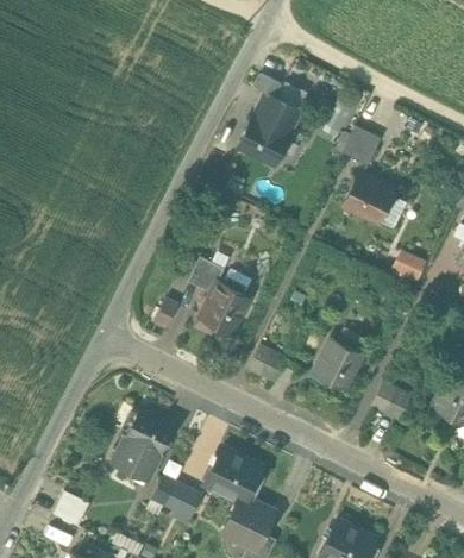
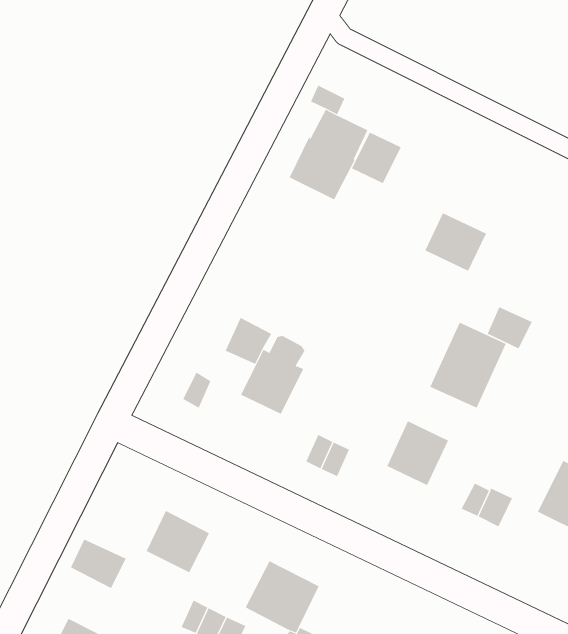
building: [341,126,381,167] -> [351,132,401,184]
building: none -> [430,322,507,409]
building: [115,441,159,481] -> [70,539,127,589]

